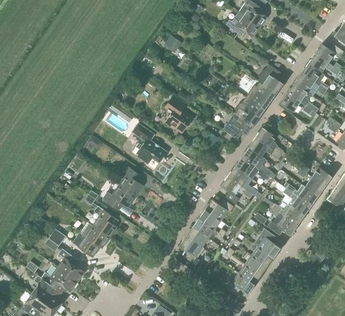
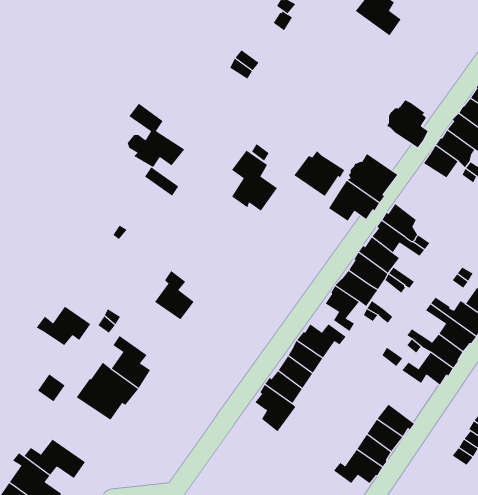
building: [226,12,260,37] -> none
building: [246,82,277,110] -> [293,150,345,197]
building: [132,124,167,163] -> [127,103,185,168]
building: [102,186,135,210] -> [36,306,91,346]
building: [254,229,281,259] -> none
building: [58,249,85,282] -> none

